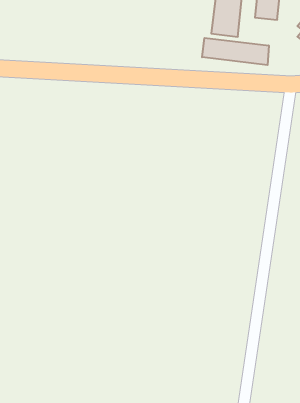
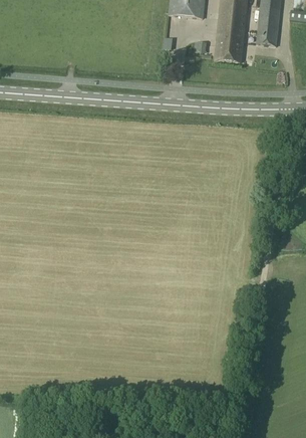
building: [202,38,269,65] -> none

